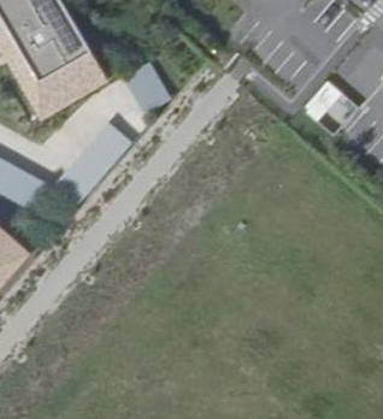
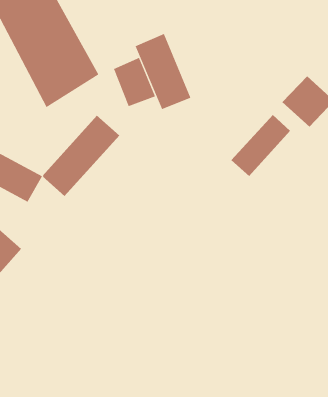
building: none -> [135,33,191,110]
building: none -> [230,114,291,177]

